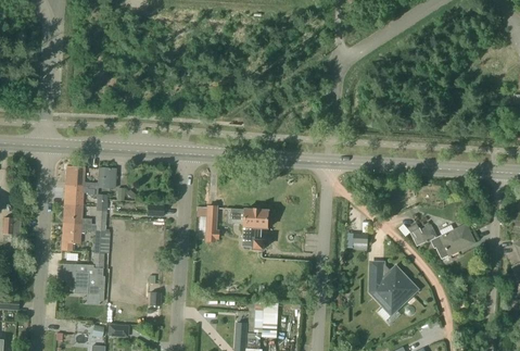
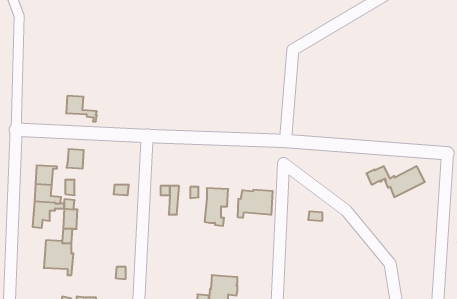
building: [65,166,98,193] -> [66,96,97,121]
building: none -> [238,190,273,218]
building: [411,225,473,258] -> [366,166,425,197]
building: [370,267,415,313] -> none

